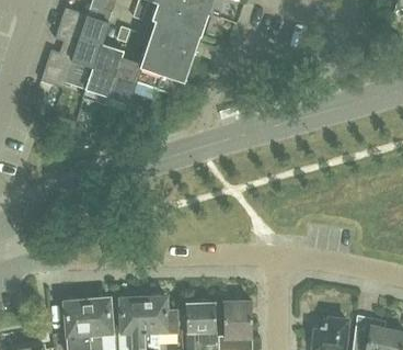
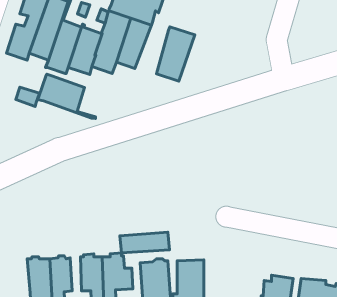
building: none -> [157,27,195,81]
building: none -> [37,74,95,119]
building: none -> [120,232,170,253]

